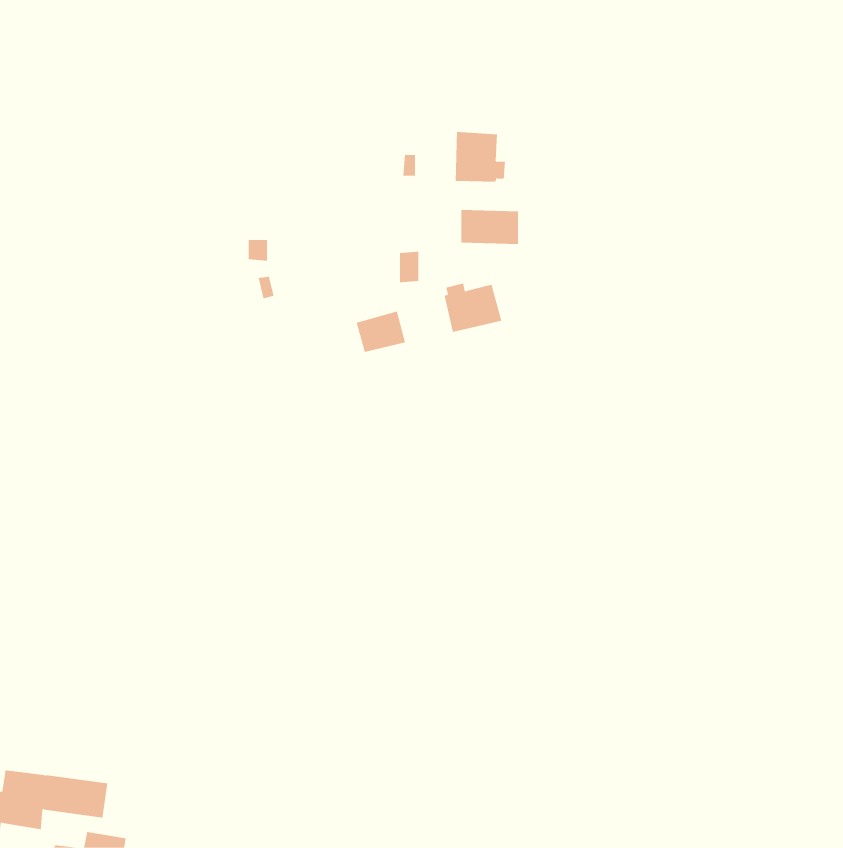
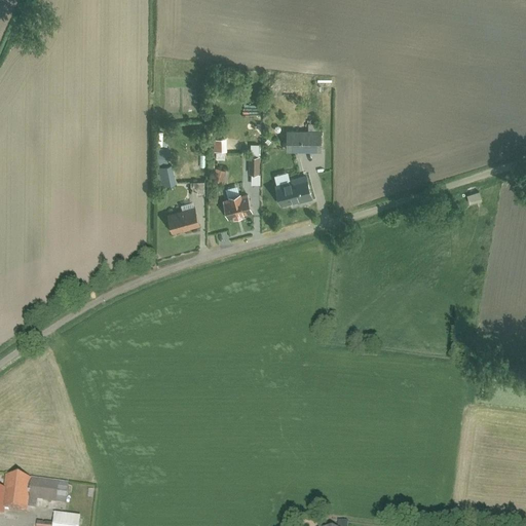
building: [455,131,505,183] -> none
building: none -> [166,202,198,232]

